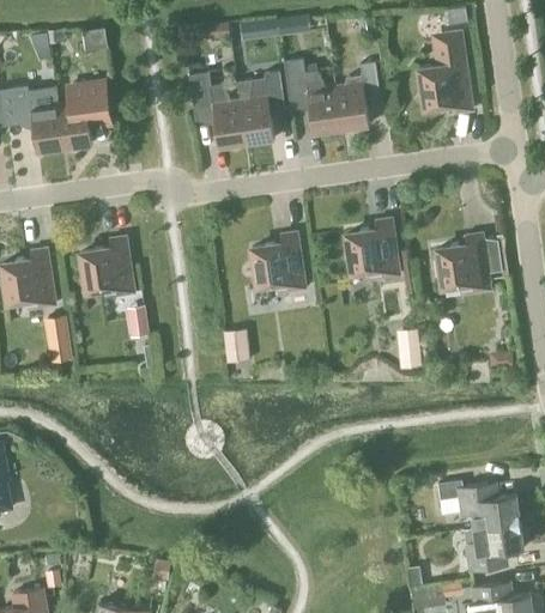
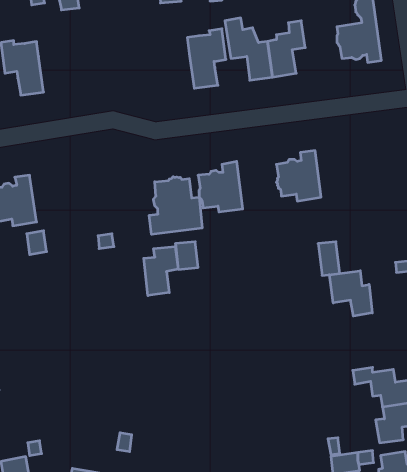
building: [188,72,246,147] -> none
building: [57,79,113,147] -> none
building: [436,233,490,293] -> none
building: [80,236,134,297] -> none
building: none -> [149,177,202,234]
building: none -> [144,246,178,296]
building: none -> [329,271,372,316]

